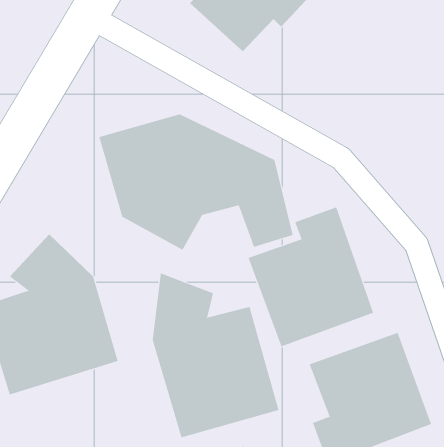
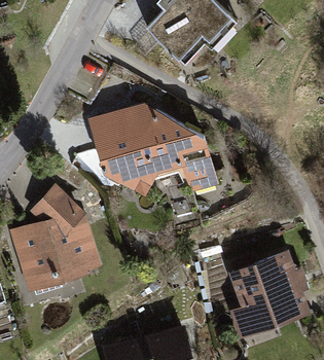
building: [248,207,374,347] -> none
building: [152,272,279,438] -> none

